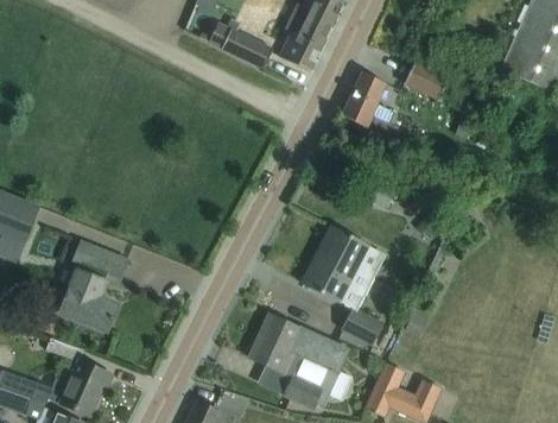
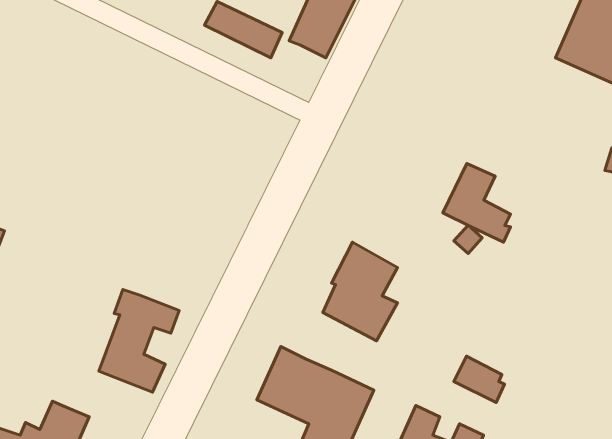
building: [404,62,446,101] -> none
building: [342,71,399,138] -> [443,163,511,242]
building: [61,242,128,329] -> [99,289,179,392]
building: [342,308,385,347] -> [454,356,505,403]

